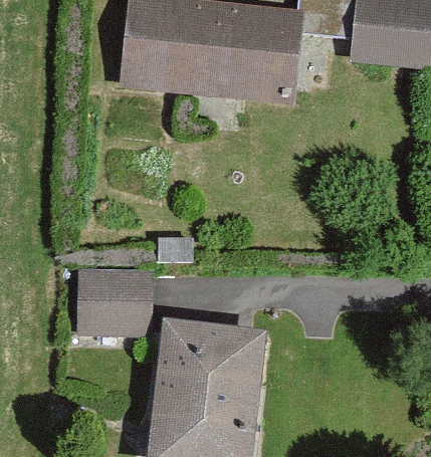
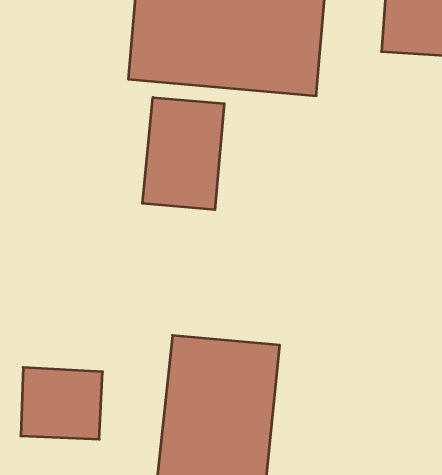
building: none -> [142,97,224,210]
building: [78,272,153,337] -> [21,367,103,439]

